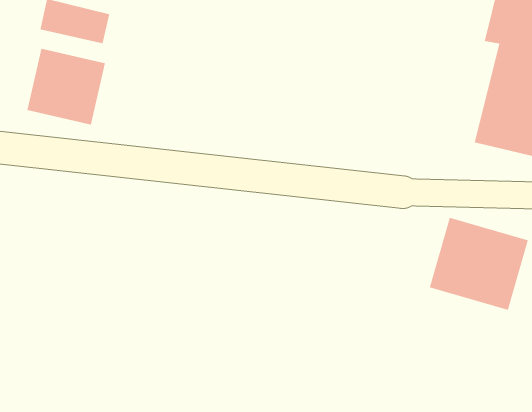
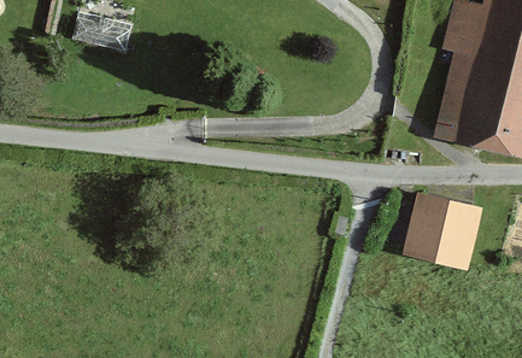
building: [27,48,106,126] -> none

